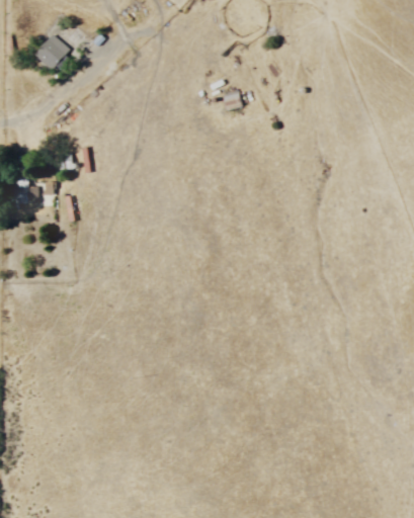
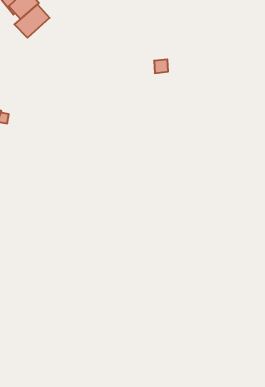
building: none -> [14,5,50,38]

